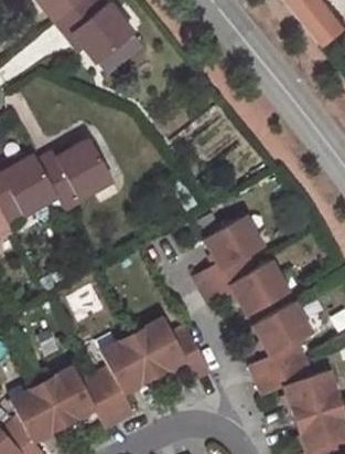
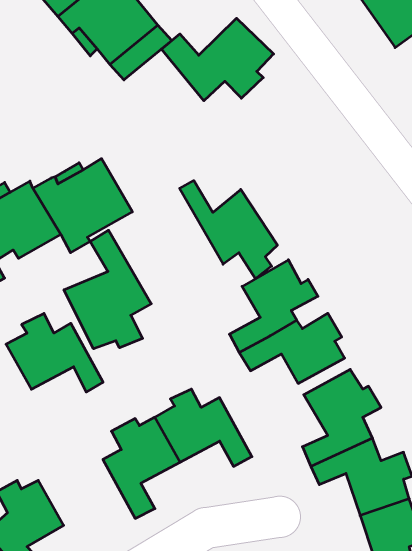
building: none -> [161,18,274,101]
building: none -> [180,181,277,279]
building: none -> [64,230,151,349]
building: [41,366,117,427] -> [6,313,103,392]

